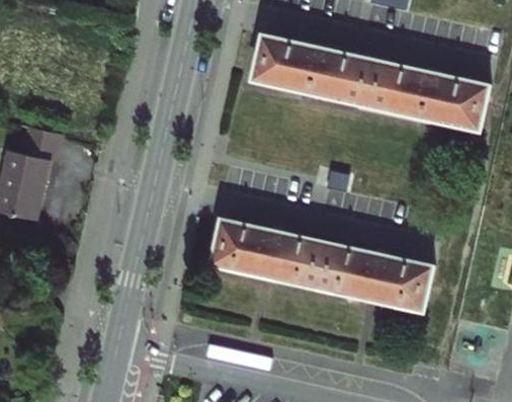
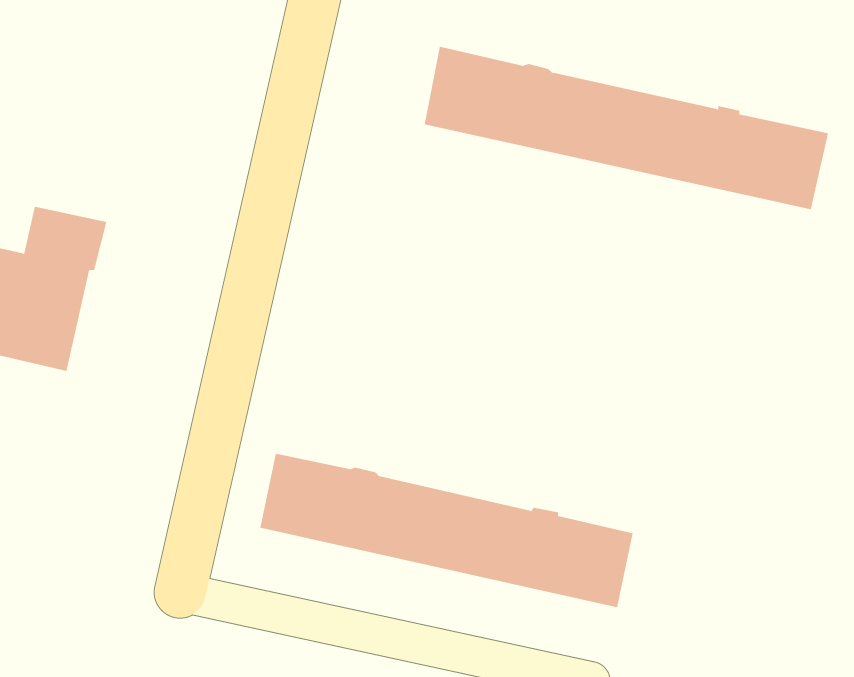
building: [211,219,429,309] -> [260,453,634,608]

